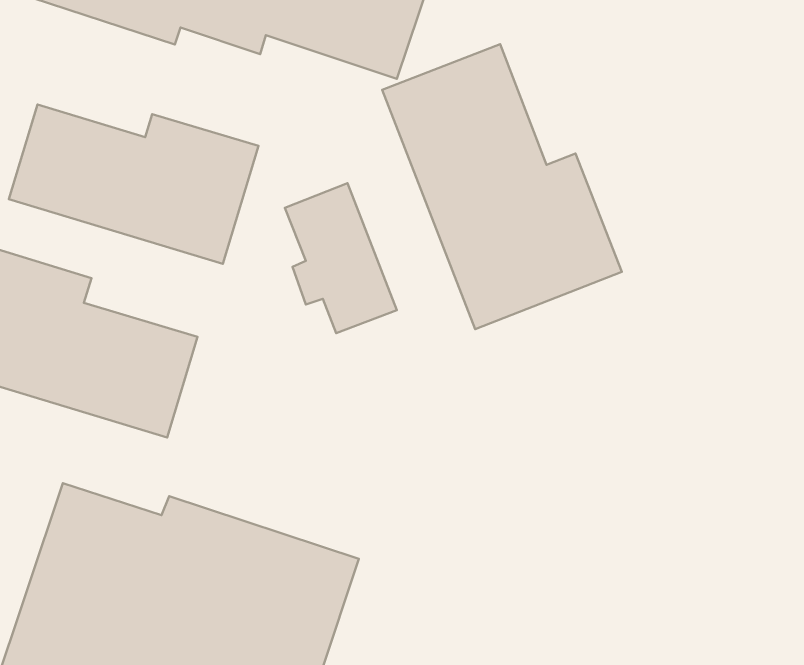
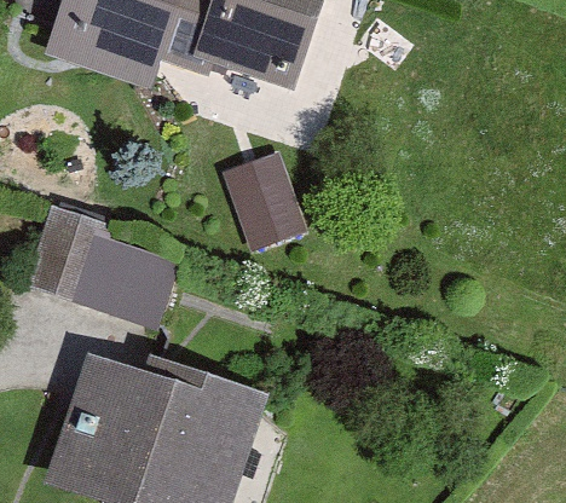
building: [382,44,622,329] -> none
building: [9,104,259,264] -> none

